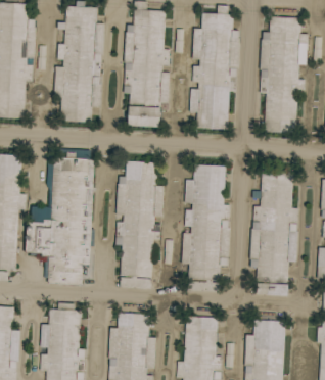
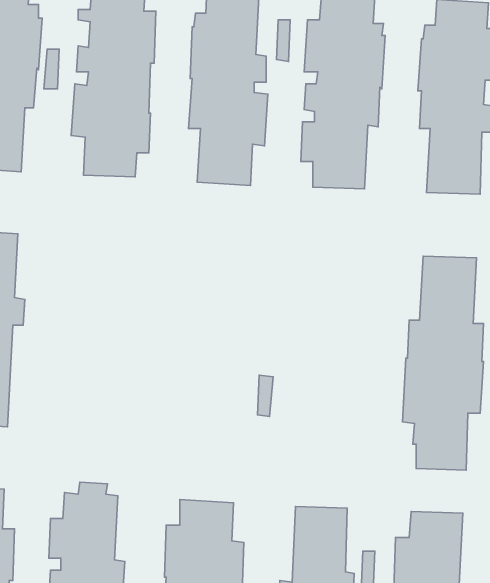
building: [25,148,94,284] -> none
building: [115,160,164,288] -> none
building: [181,163,230,291] -> none

